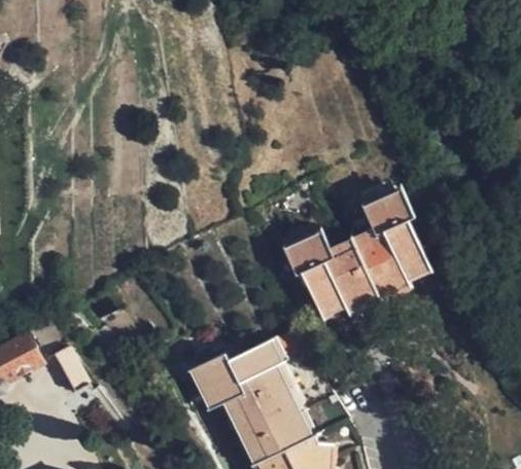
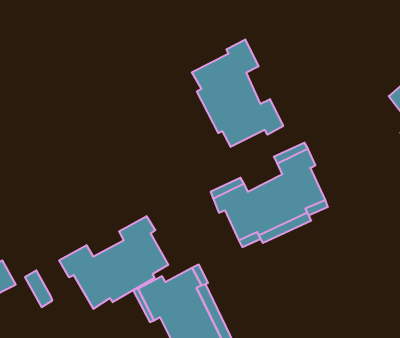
building: none -> [192,39,283,147]
building: none -> [59,216,168,309]

